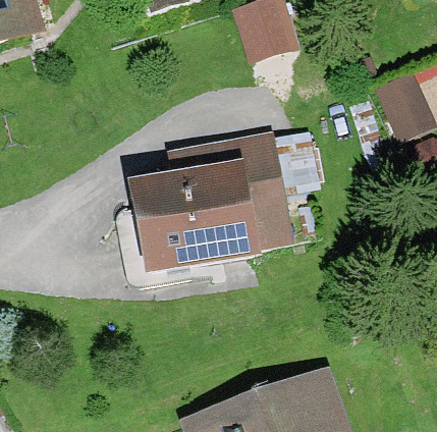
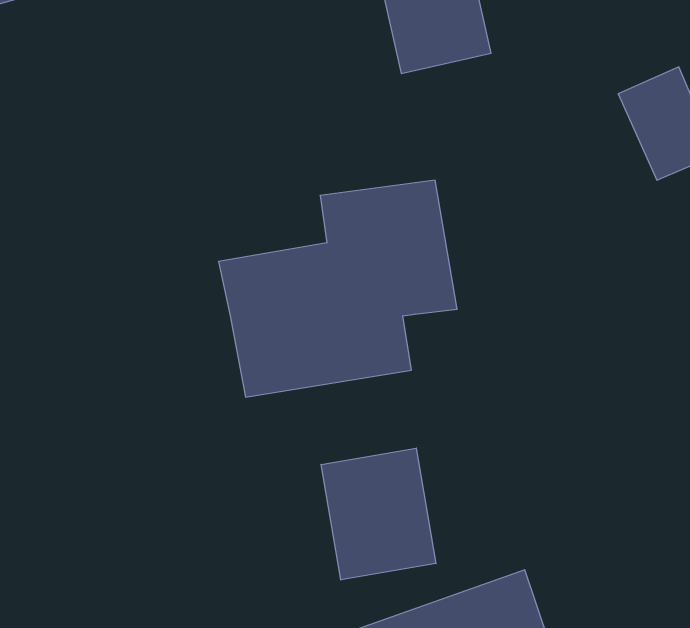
building: none -> [321,448,436,580]

